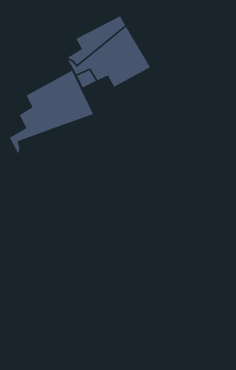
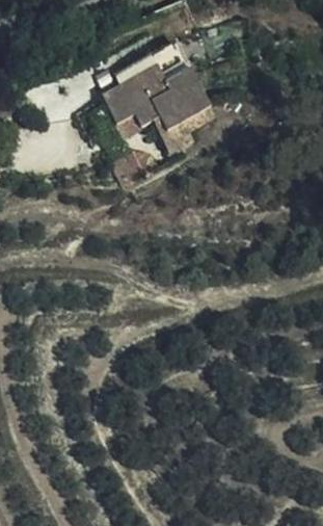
building: [9,70,94,156] -> none

